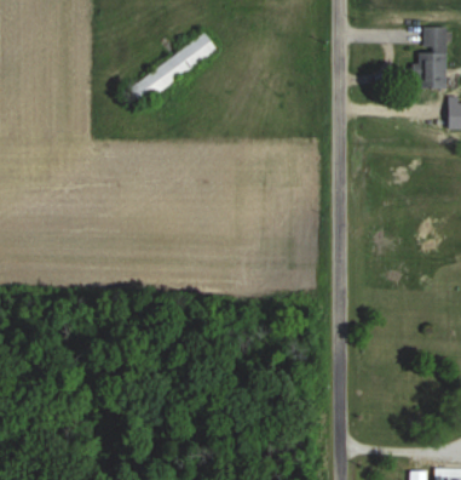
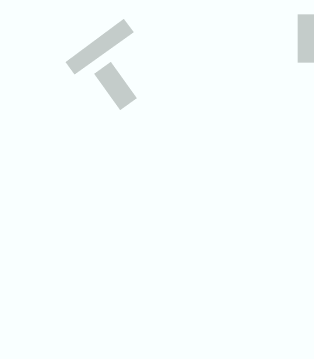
building: none -> [93,61,138,111]

